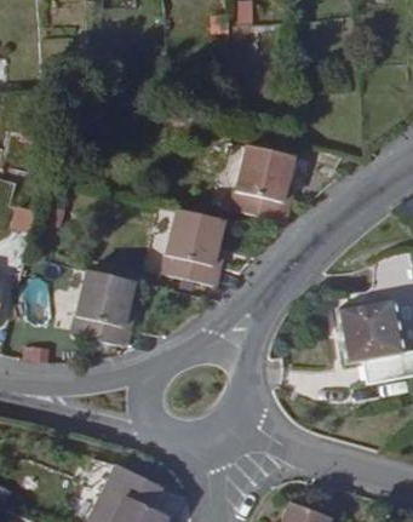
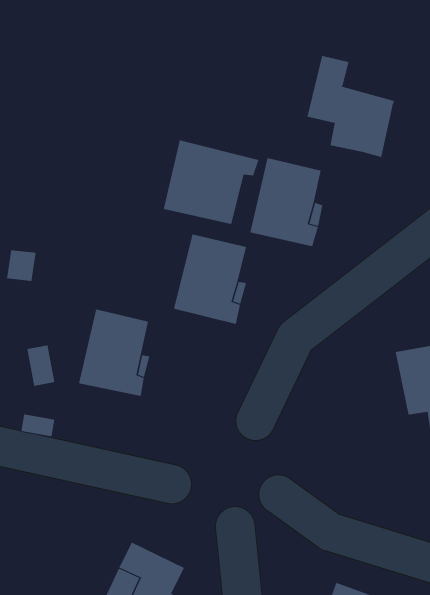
building: none -> [307,55,395,158]
building: none -> [163,140,259,225]

